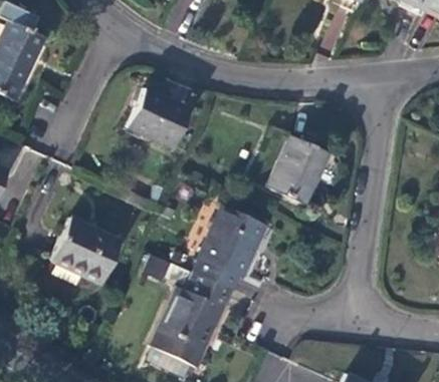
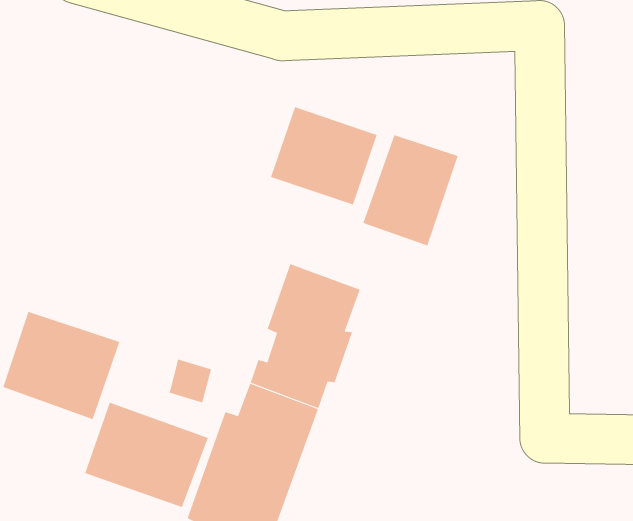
building: [127,88,191,148] -> [270,107,378,205]
building: none -> [84,402,209,508]

